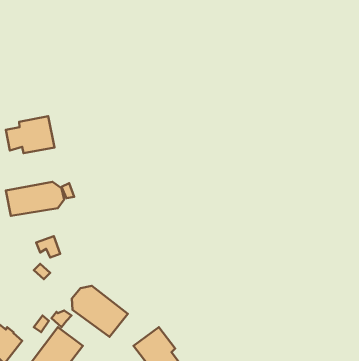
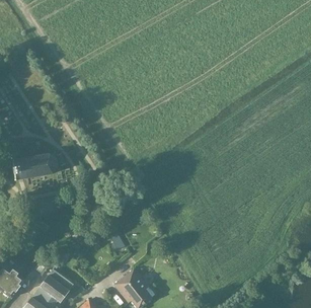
building: [6,116,54,153] -> none
building: [72,286,128,337] -> none

